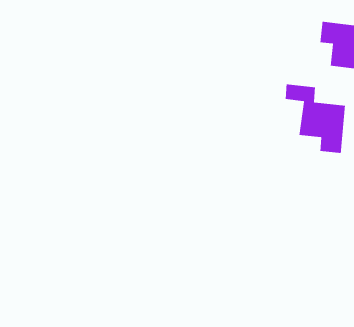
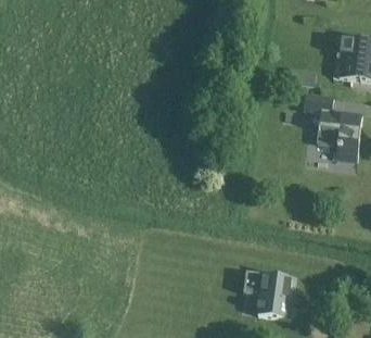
building: none -> [244,272,294,318]

